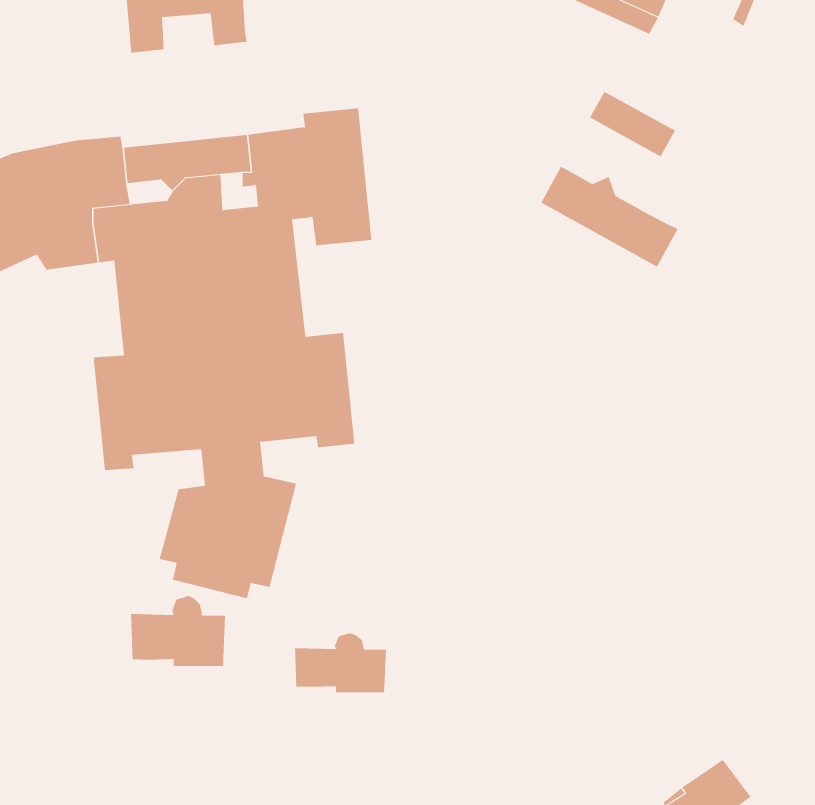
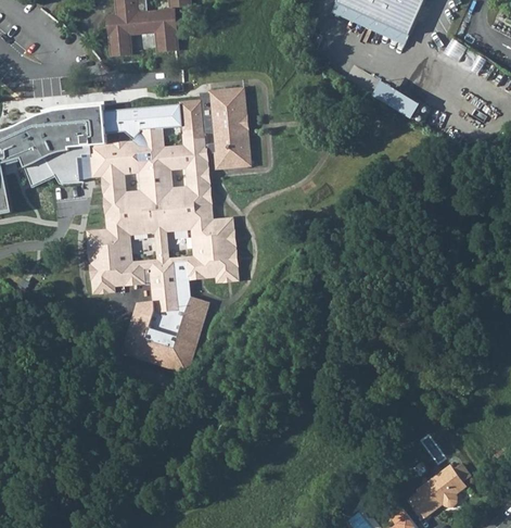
building: [540,166,678,267] -> none
building: [131,595,226,667] -> none
building: [294,632,387,693] -> none

